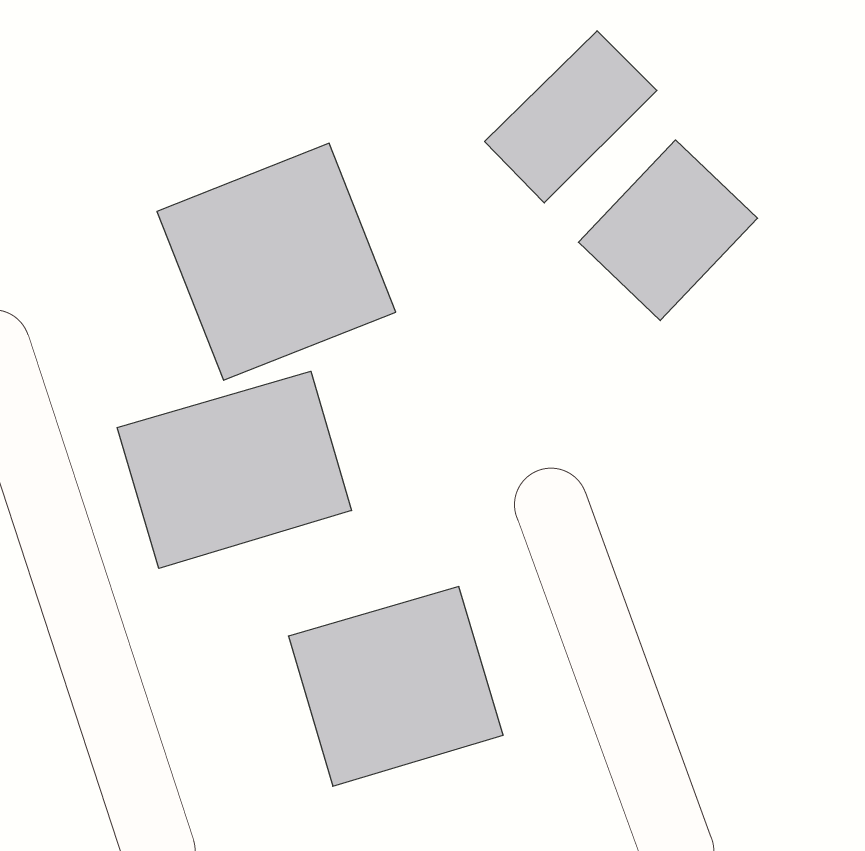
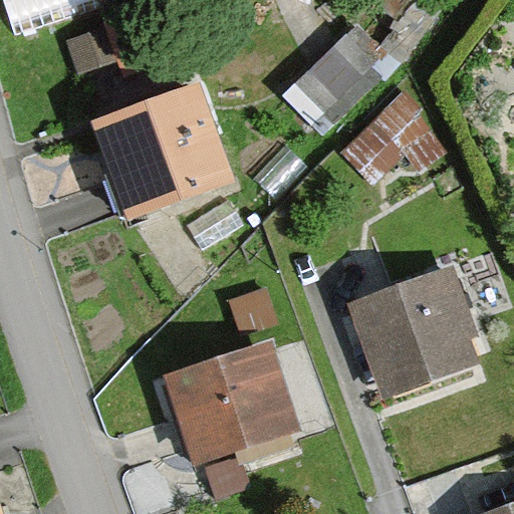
building: [117,371,352,568] -> none
building: none -> [350,272,480,397]

